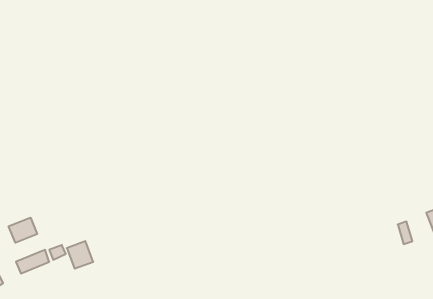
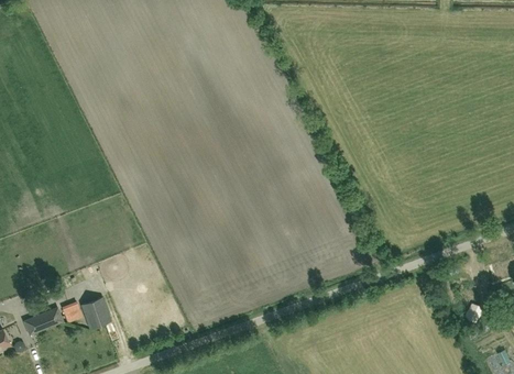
building: [9,218,37,243] -> none

